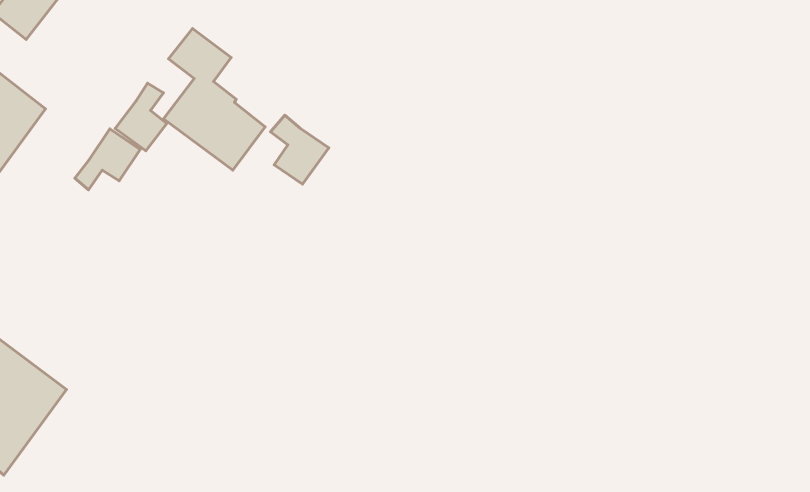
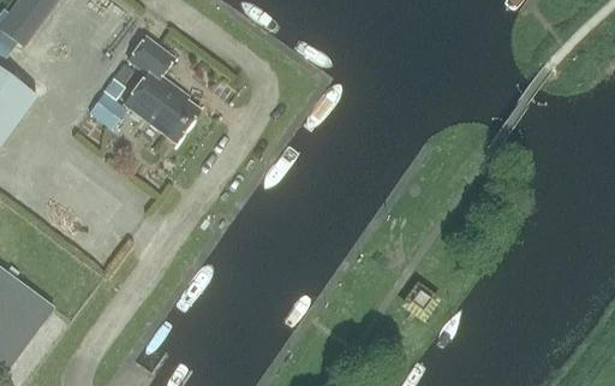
building: [270,115,329,184] -> none
building: [75,129,140,190] -> none

